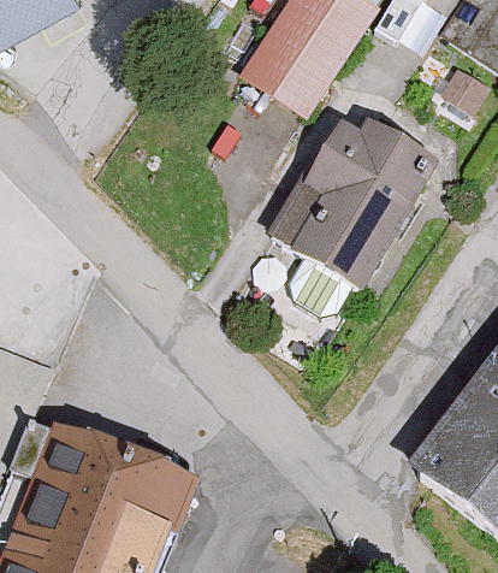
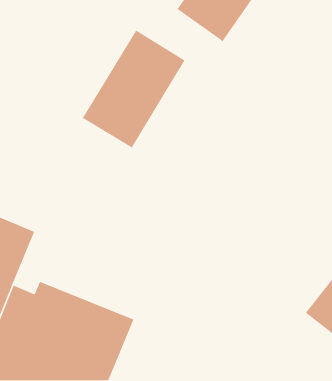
building: none -> [82,29,186,148]
building: [279,114,438,289] -> none

